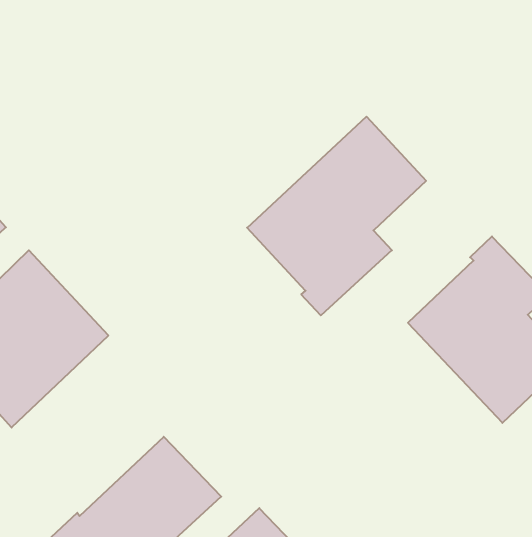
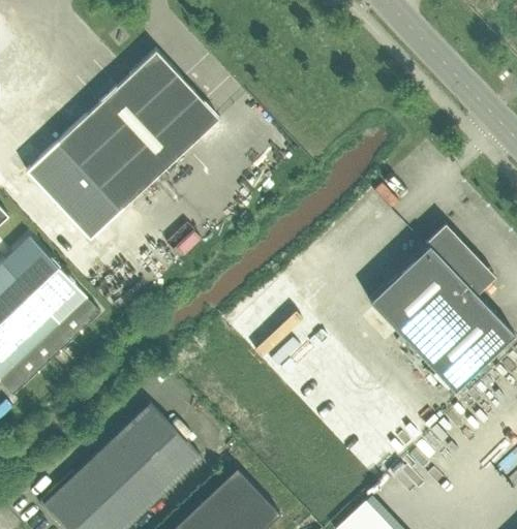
building: none -> [26,51,219,239]
building: [247,117,426,315] -> none

